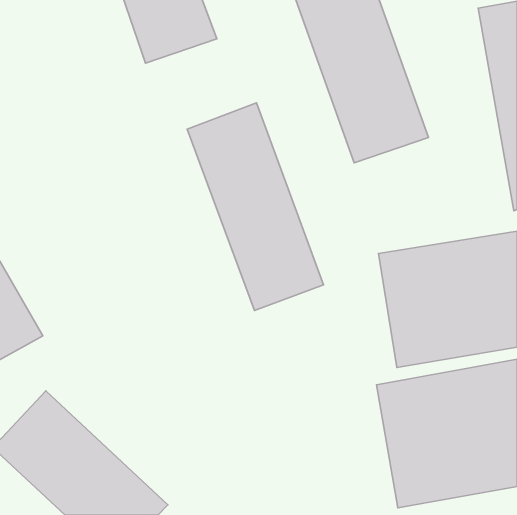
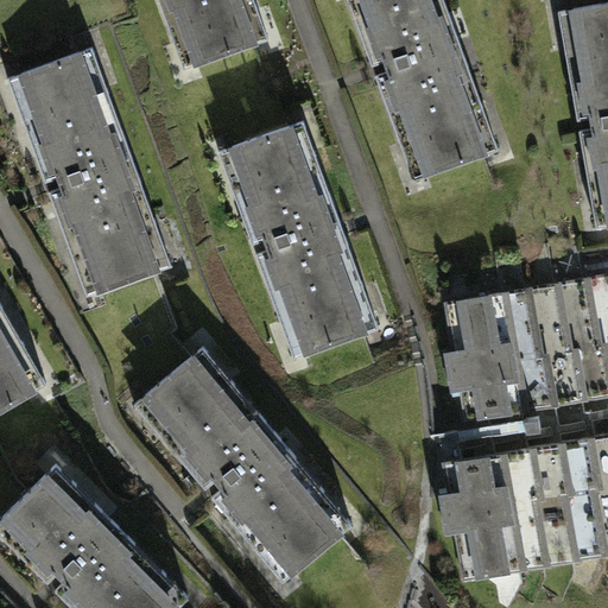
building: none -> [10,44,189,316]
building: none -> [138,338,373,591]

